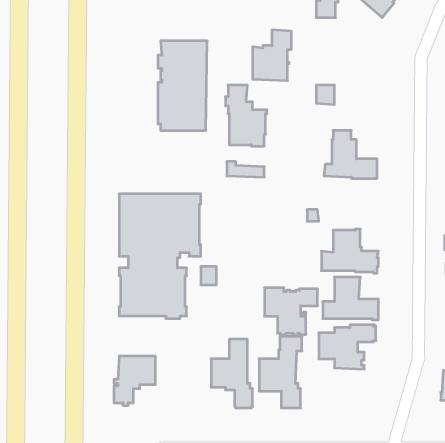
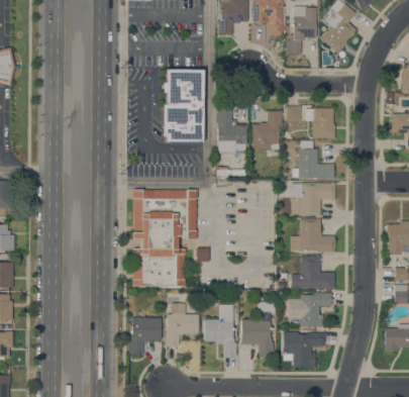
building: [253,30,291,81] -> [251,110,282,150]
building: none -> [305,108,334,138]
building: none -> [290,182,334,216]
building: [264,288,318,334] -> [283,331,324,368]
building: none -> [165,303,199,346]

